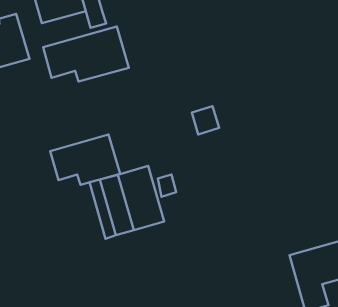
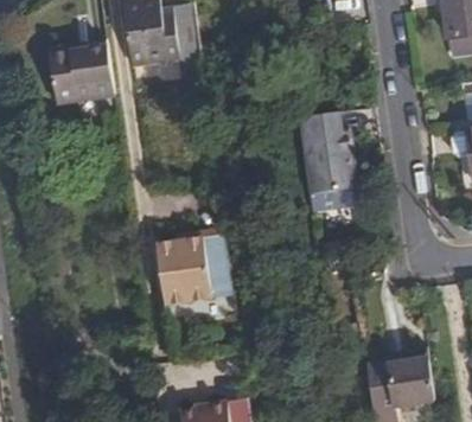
building: [43,27,129,81] -> none
building: none -> [300,113,359,196]
building: [50,135,120,185] -> none

